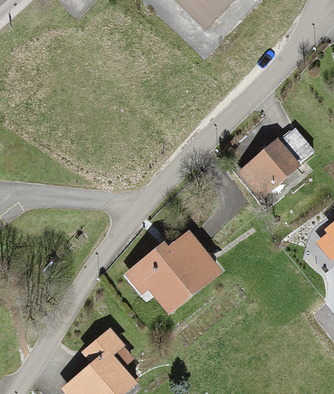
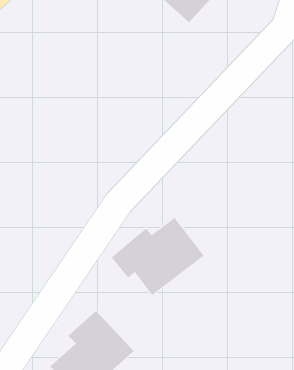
building: [239,132,313,198] -> none

